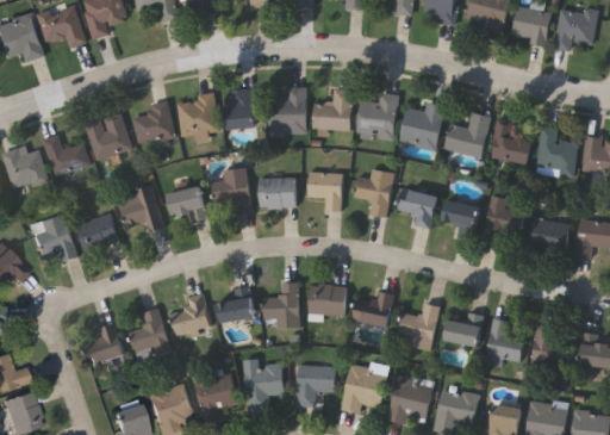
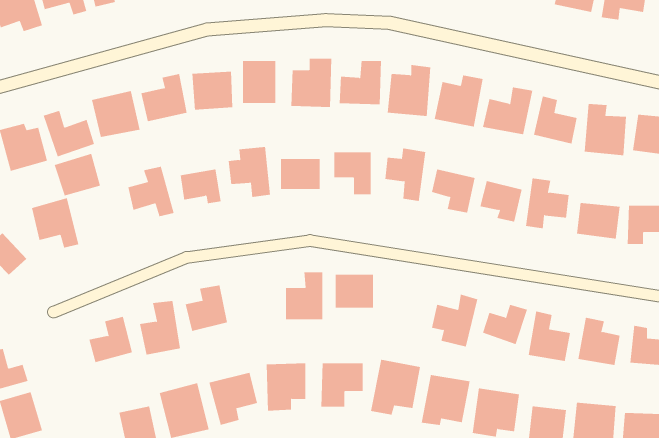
building: [76,212,119,251] -> [54,153,101,196]
building: [219,286,255,323] -> none
building: [354,291,396,327] -> none

